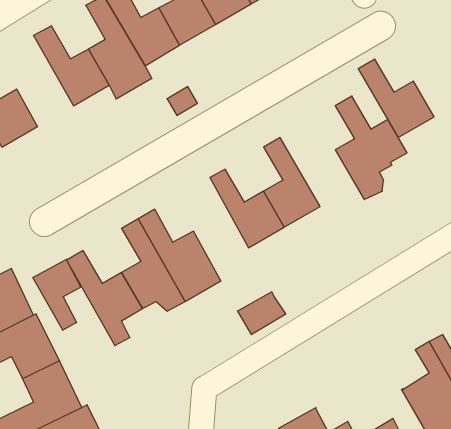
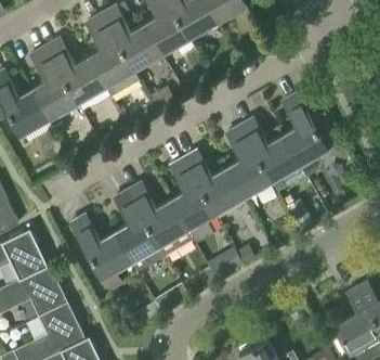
building: none -> [30,47,77,118]
building: [358,59,434,138] -> [239,119,299,181]
building: none -> [171,158,214,242]
building: [33,259,81,330] -> none

